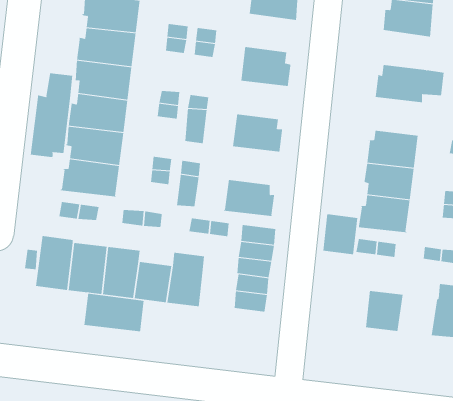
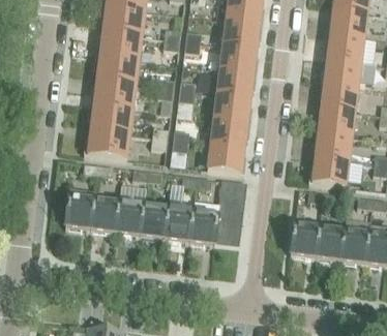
building: none -> [224,20,263,49]
building: none -> [325,32,364,62]
building: [30,72,73,160] -> none
building: none -> [217,70,257,99]
building: none -> [319,83,358,112]
building: none -> [211,120,250,149]
building: [322,214,358,255] -> [291,225,318,256]
building: none -> [189,213,218,244]
building: [84,293,144,332] -> none
building: none -> [339,232,368,263]

